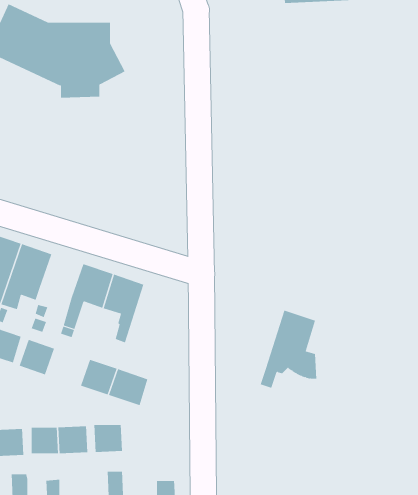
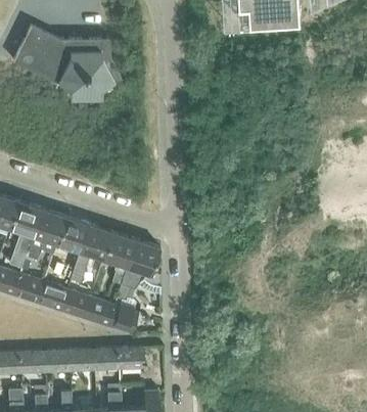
building: none -> [55,218,88,251]
building: [260,310,317,388] -> [117,241,160,302]
building: none -> [59,290,88,318]
building: none -> [118,348,144,369]

